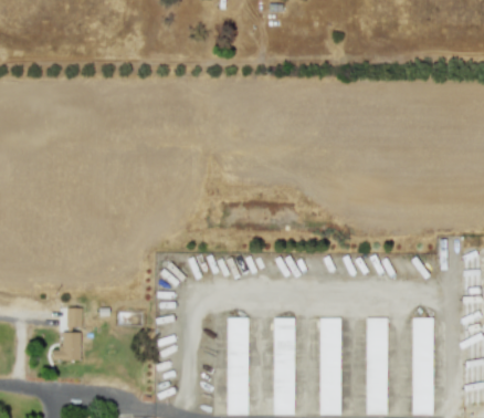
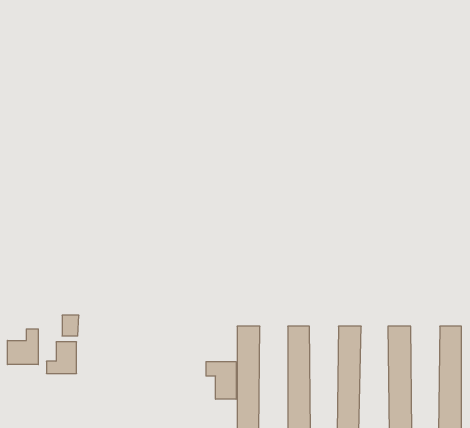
building: none -> [7,329,38,365]
building: none -> [206,362,236,399]

